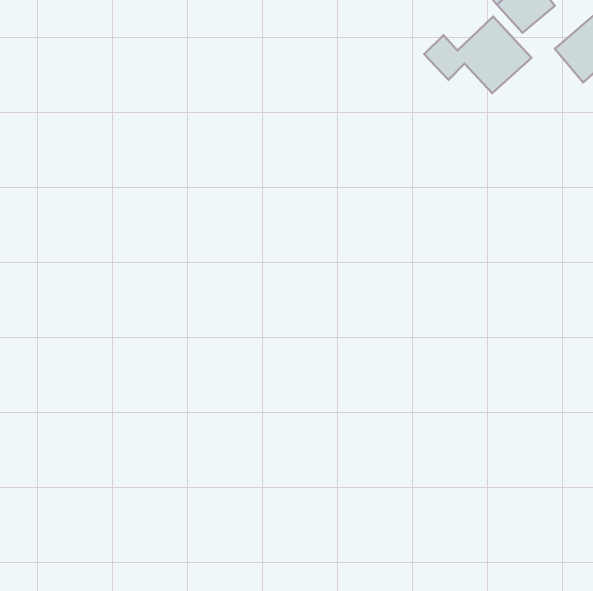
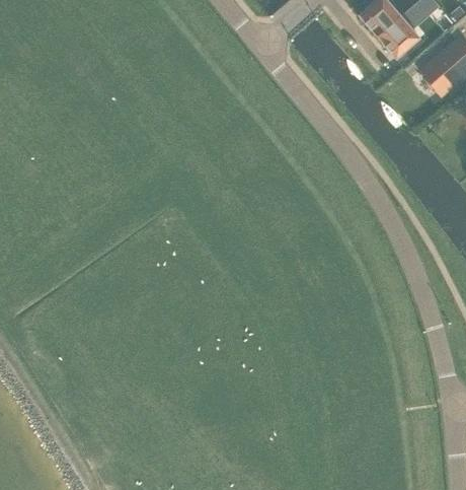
building: [424,16,532,93] -> none

